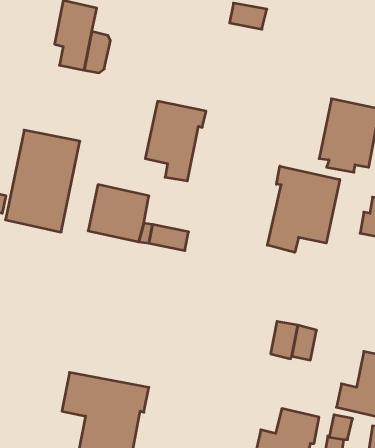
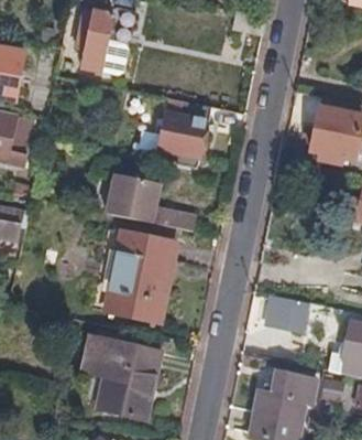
building: [5,130,80,232] -> [107,232,173,322]
building: [267,166,340,252] -> none

